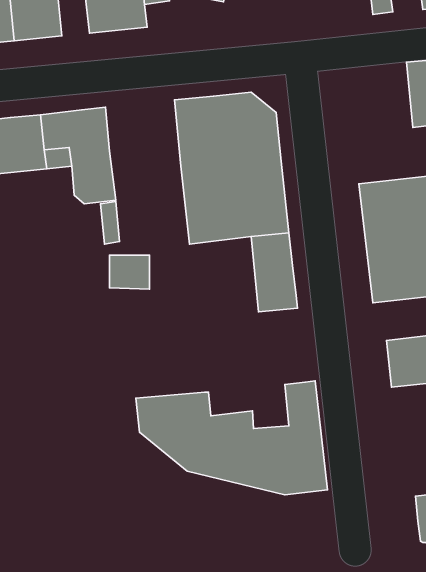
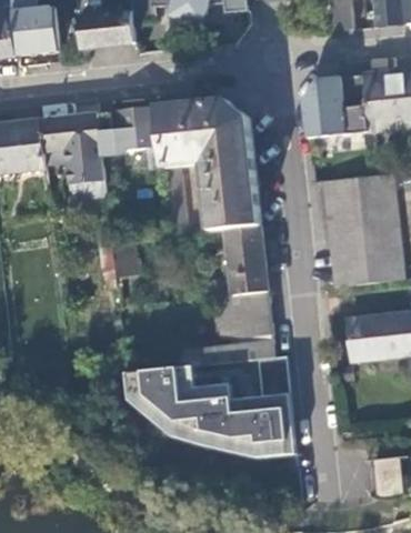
building: none -> [304,73,370,139]
building: none -> [98,107,164,167]
building: none -> [183,291,274,365]

